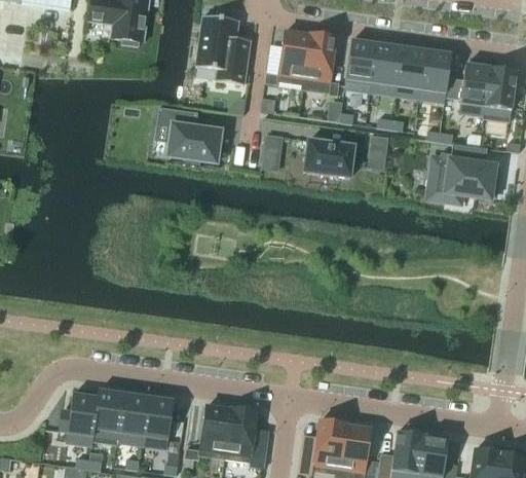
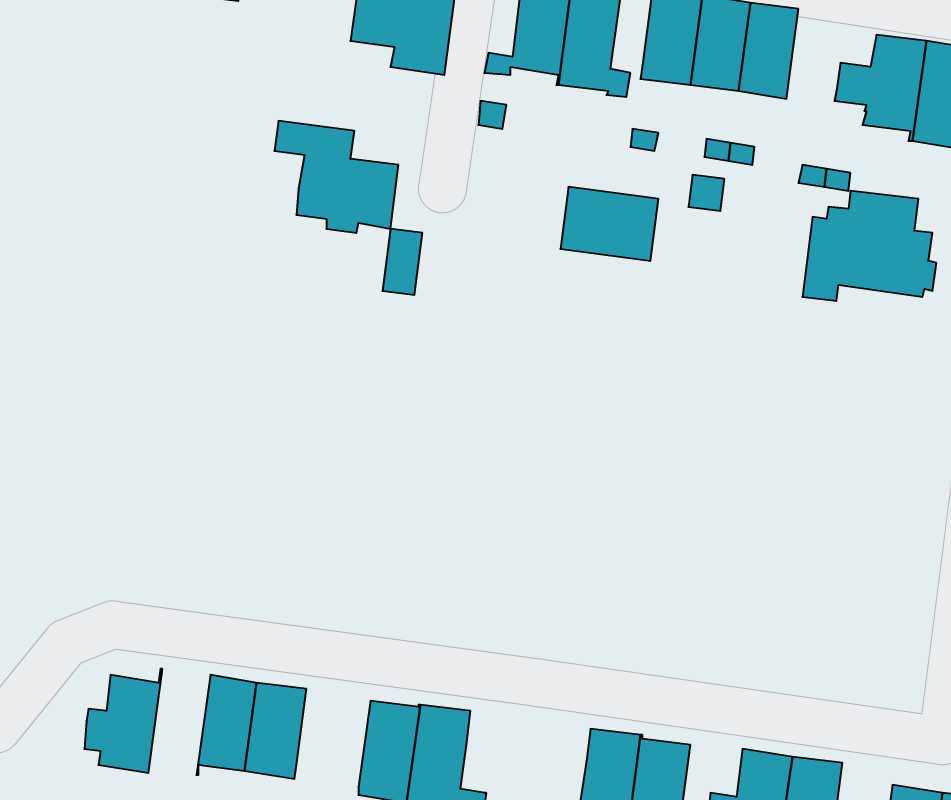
building: [420,50,452,100] -> none
building: [262,136,283,170] -> [382,229,422,295]
building: [92,390,124,444] -> none

